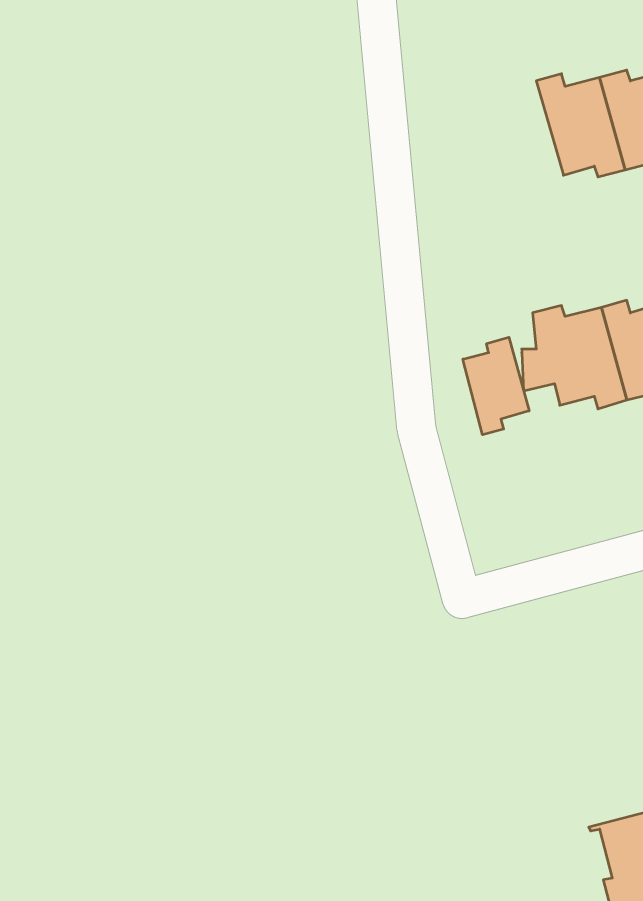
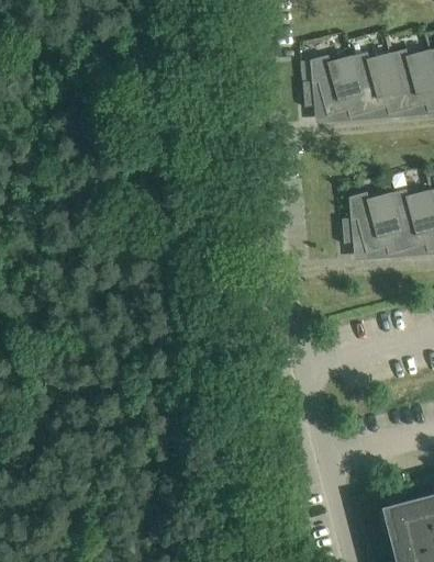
building: none -> [302,56,367,119]
building: [463,337,529,435] -> none

